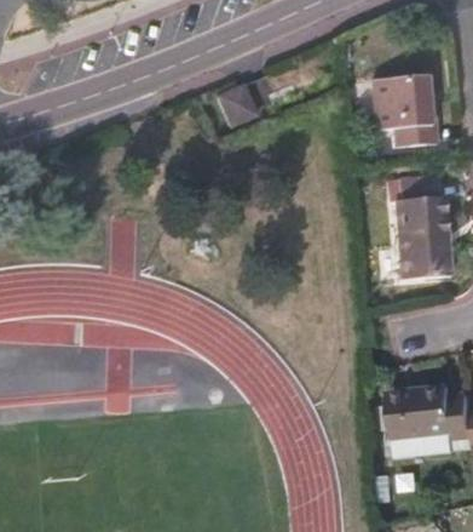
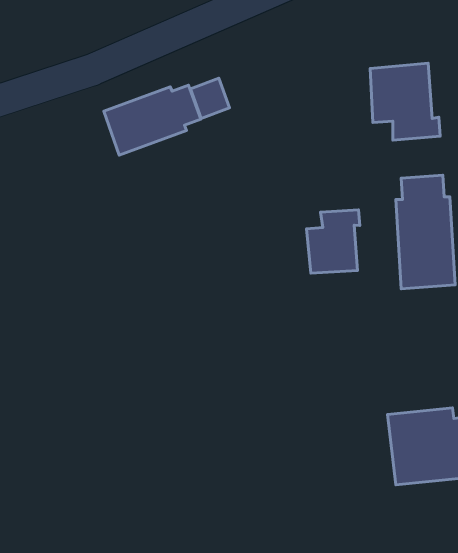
building: none -> [104,85,201,155]
building: none -> [306,210,360,273]

